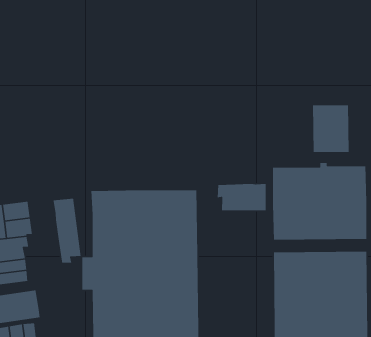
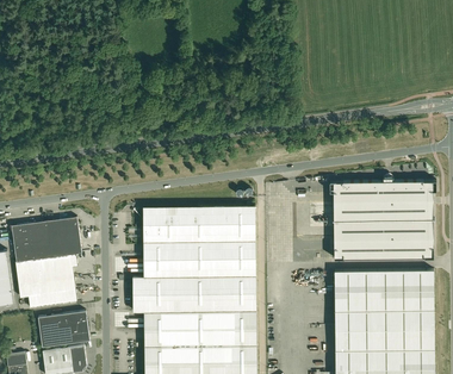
building: [312,104,349,153] -> none
building: [217,183,266,211] -> none
building: [53,198,81,264] -> none

